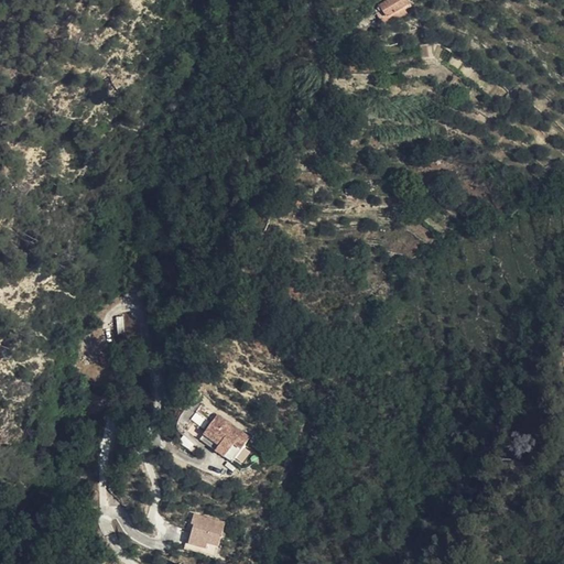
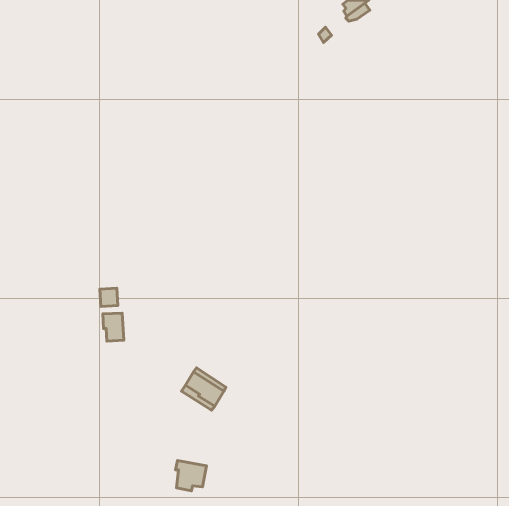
building: none -> [103,313,124,341]

